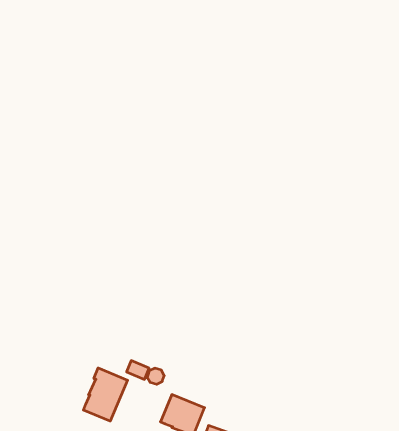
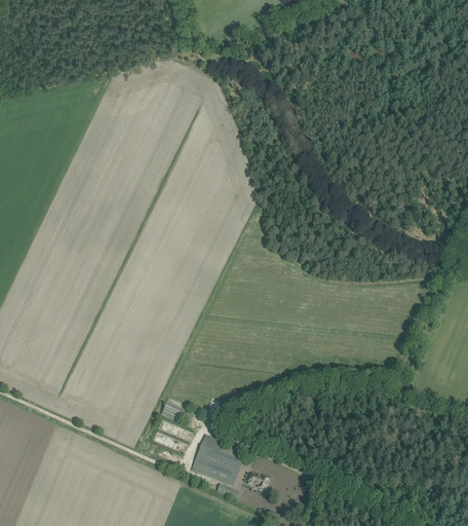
building: [83,368,128,421] -> none

